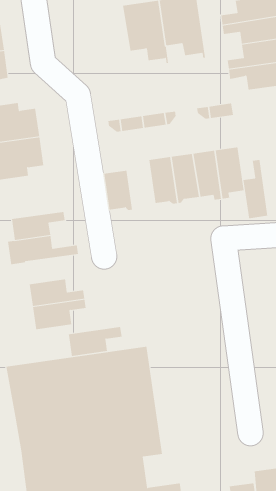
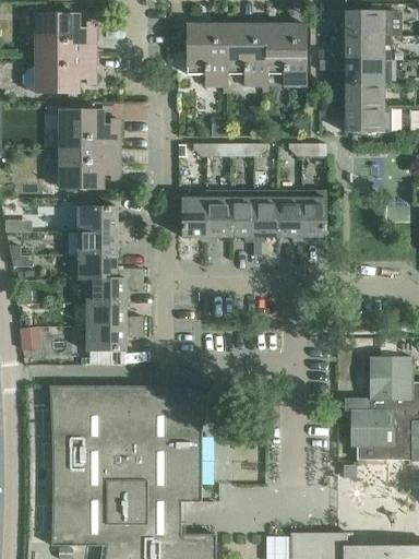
building: none -> [187,24,227,92]
building: [243,159,268,219] -> none
building: none -> [206,190,230,240]
building: none -> [77,206,134,231]
building: [68,326,122,357] -> [86,278,143,302]

